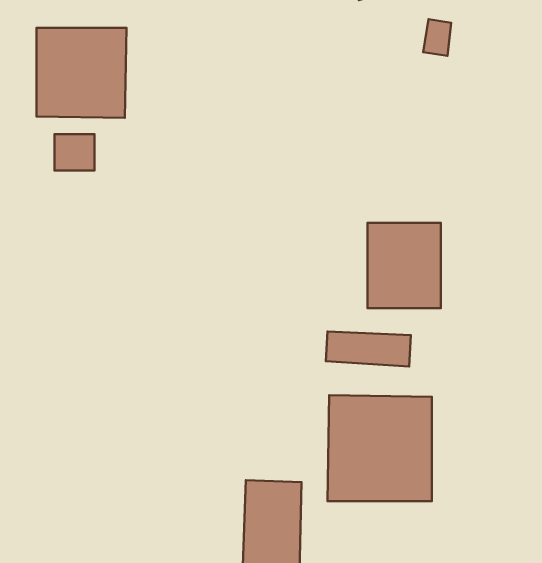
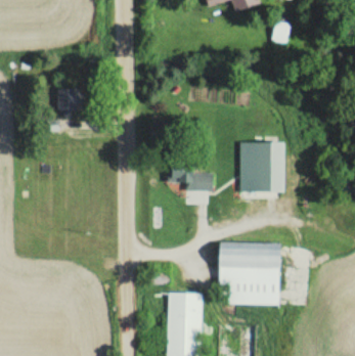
building: [36,28,126,118] -> none
building: [326,332,411,366] -> [166,168,216,188]

